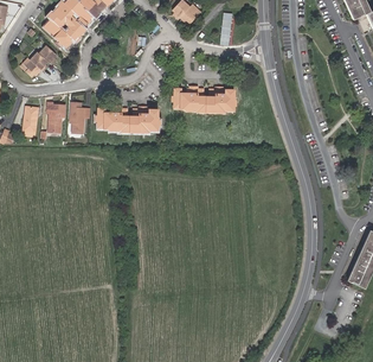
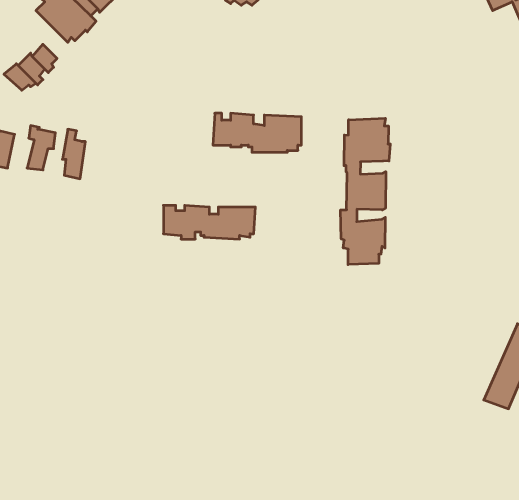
building: none -> [341,118,390,265]
building: [90,110,152,133] -> [163,205,255,239]

